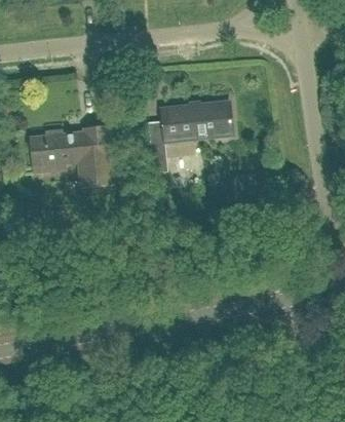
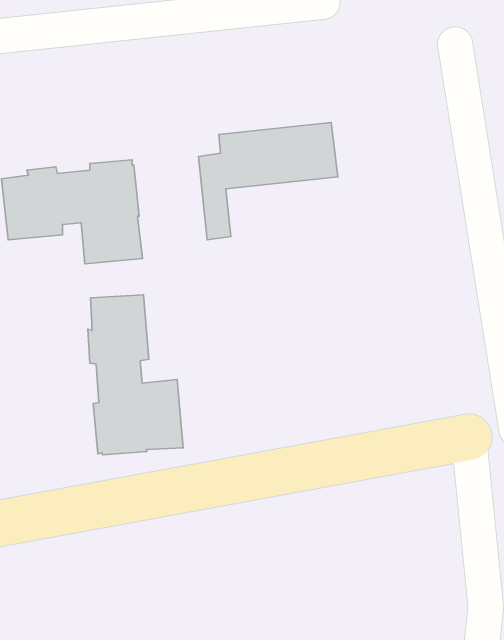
building: none -> [88,295,183,455]

